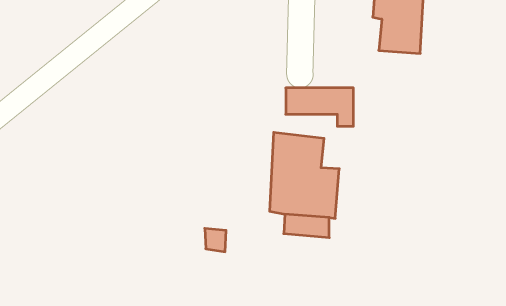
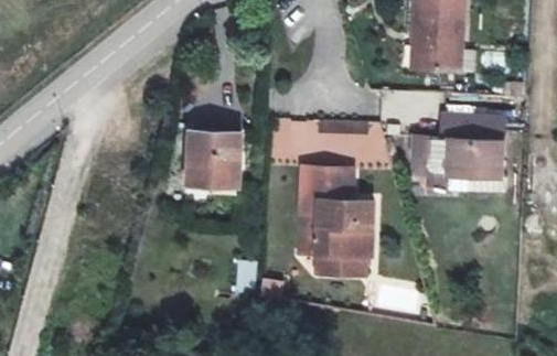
building: none -> [414,119,502,182]
building: none -> [179,136,234,190]

